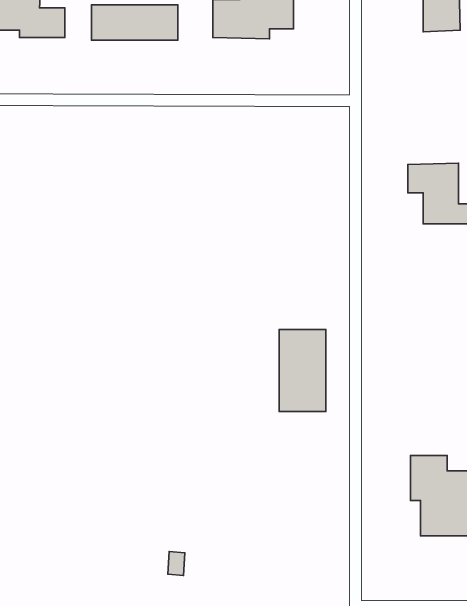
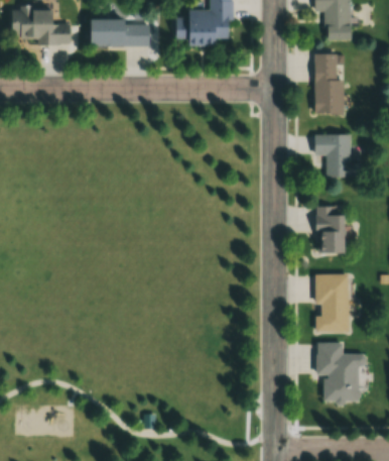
building: none -> [313,52,344,114]
building: none -> [316,206,342,253]
building: [279,330,326,411] -> [315,273,349,332]

